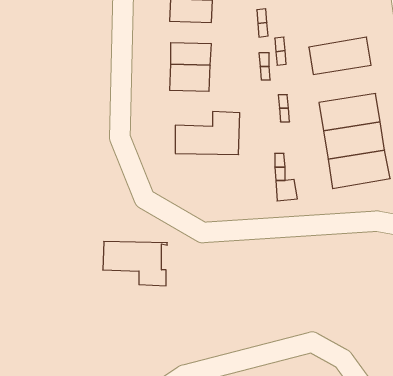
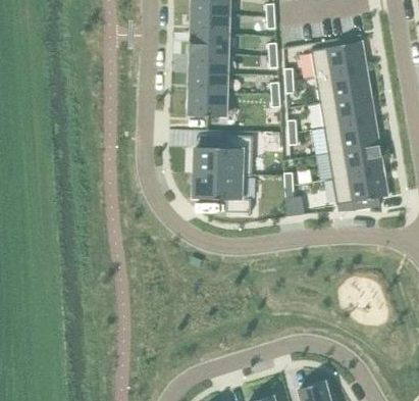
building: none -> [311,41,367,77]
building: none -> [190,53,227,73]
building: none -> [319,93,375,127]
building: [103,242,167,286] -> [194,172,252,212]

